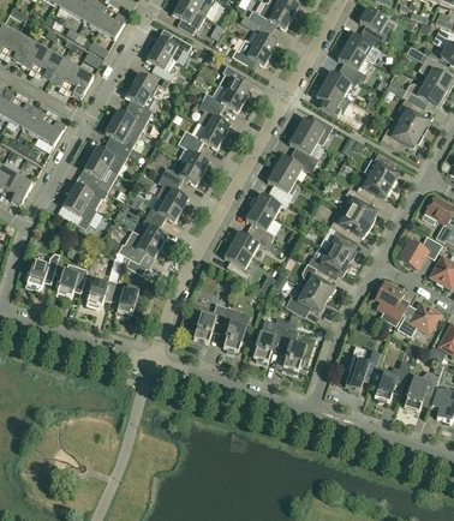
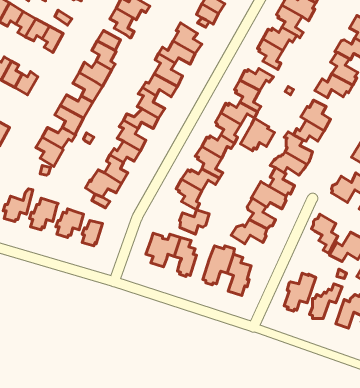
building: none -> [240,118,275,151]
building: none -> [180,210,209,234]

